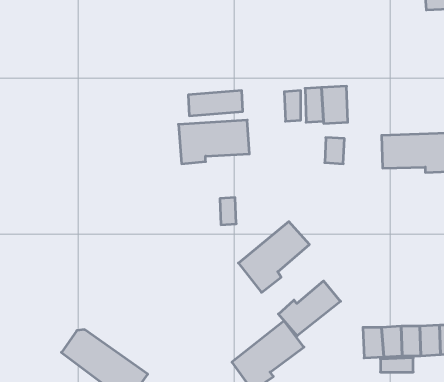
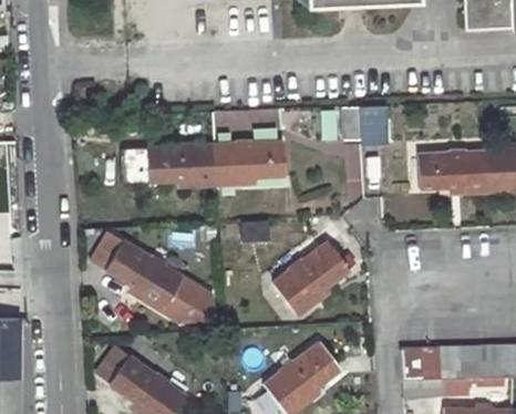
building: none -> [130,144,217,185]
building: none -> [94,238,216,320]
building: [278,281,341,336] -> none

